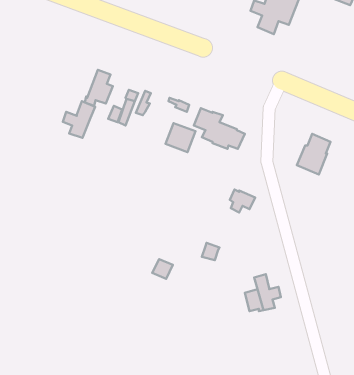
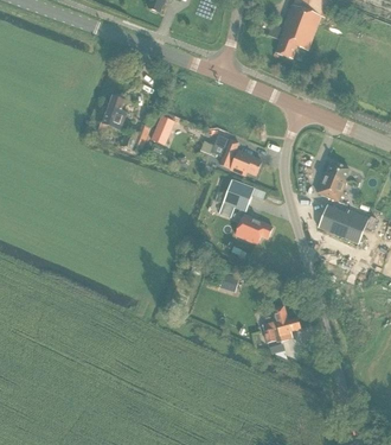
building: [63,101,95,138] -> none
building: [165,123,196,152] -> [223,180,254,210]
building: none -> [318,204,368,243]

